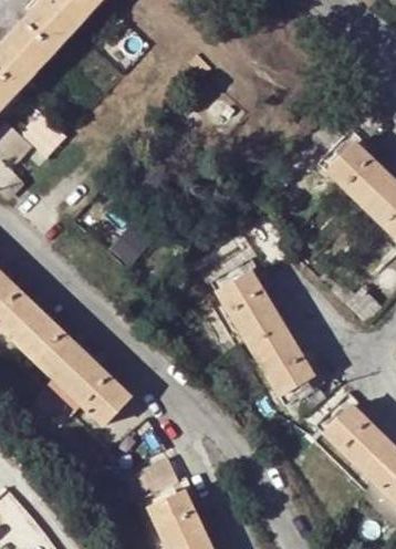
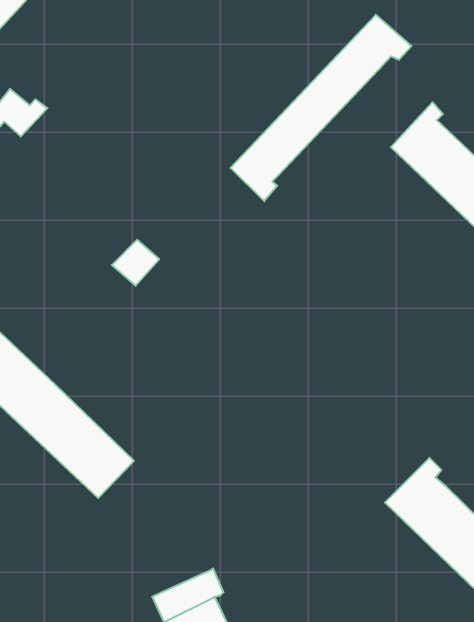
building: none -> [230,15,411,201]
building: [211,259,326,405] -> none
building: [132,458,177,497] -> none

